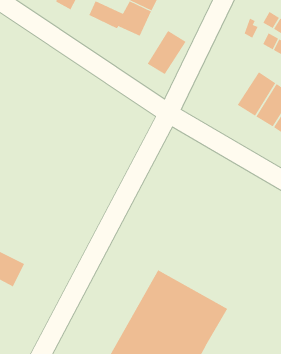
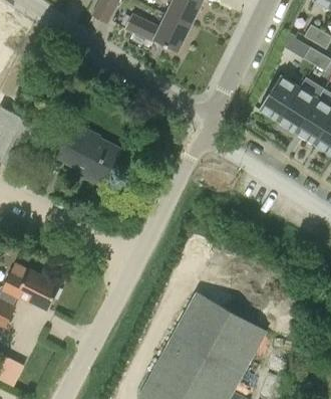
building: [146,30,187,75] -> [258,74,299,121]
building: none -> [57,124,119,184]

